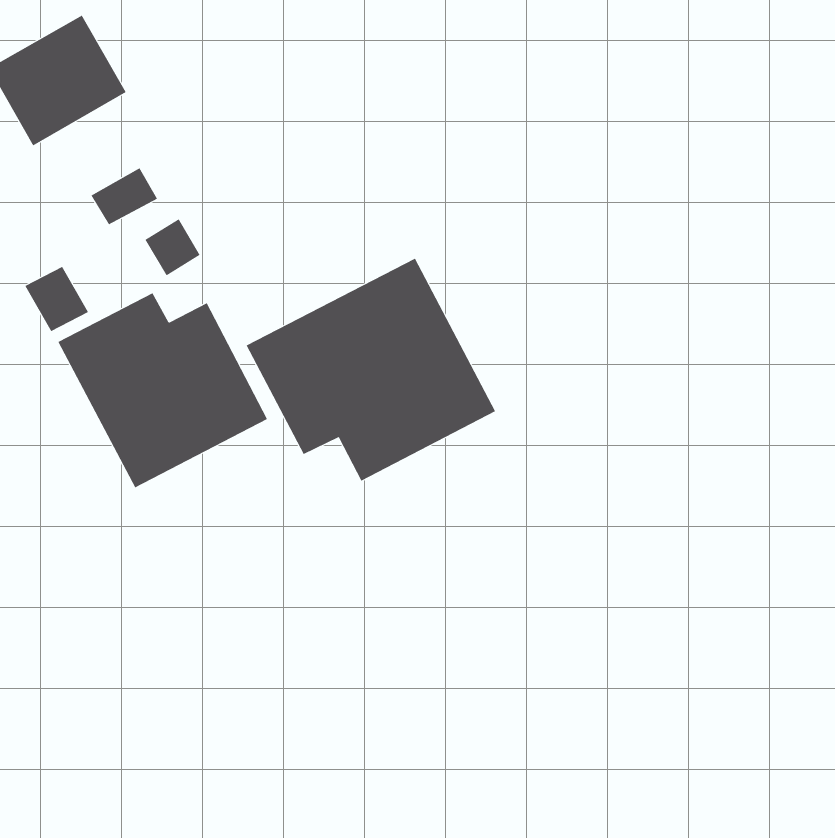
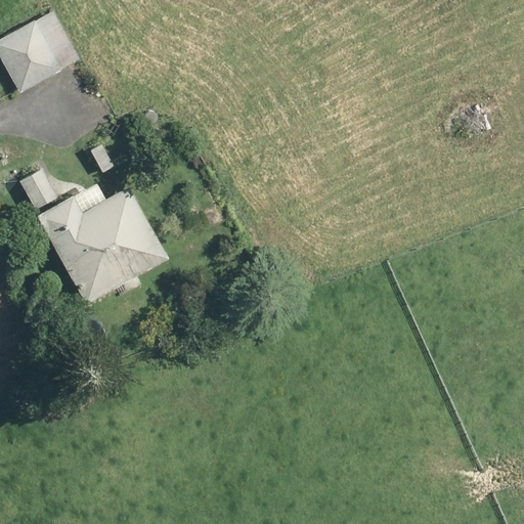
building: [246,258,496,482] -> none

